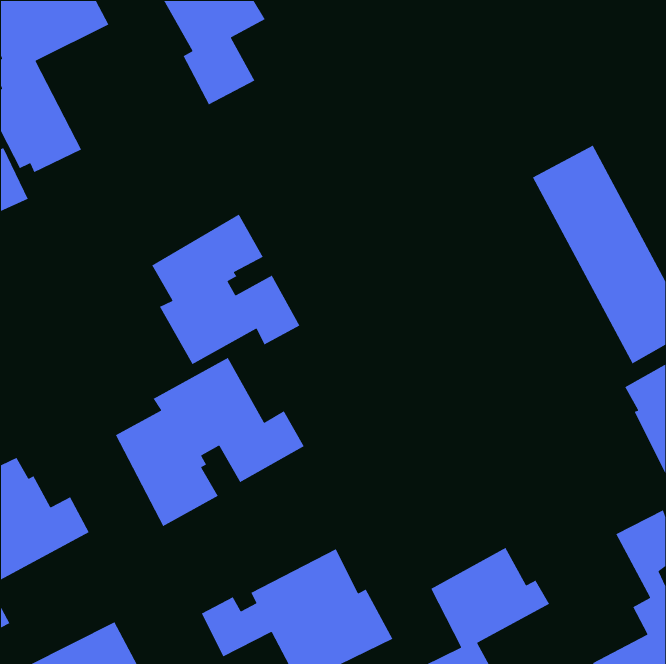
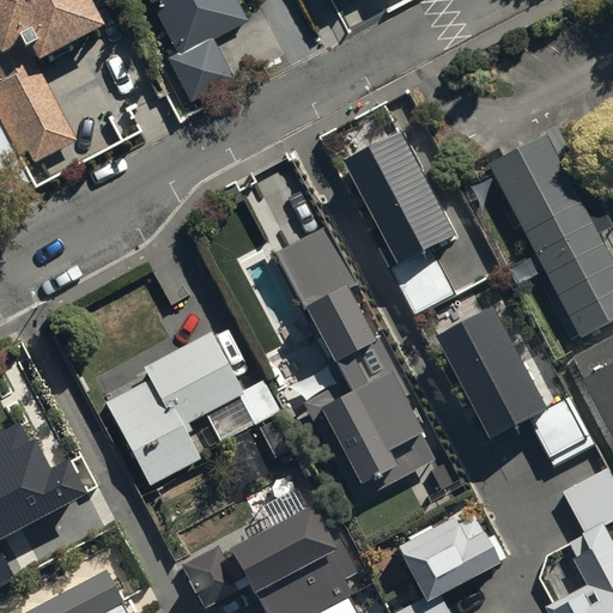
building: none -> [341,128,457,315]
building: [151,213,300,365] -> none
building: none -> [274,225,435,490]
building: none -> [444,314,594,471]

